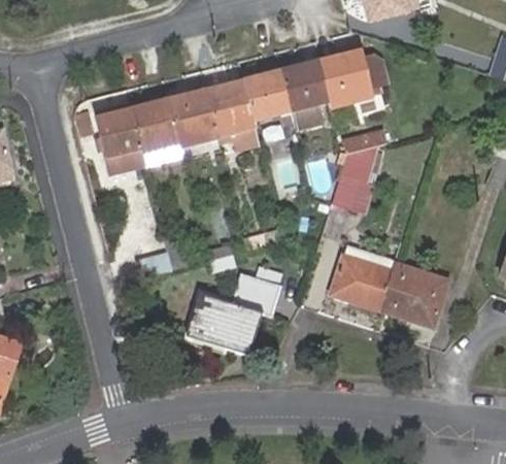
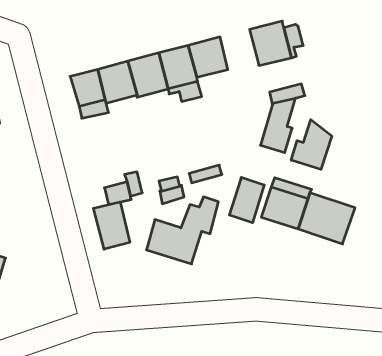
building: [281,62,328,130] -> none
building: none -> [291,120,332,169]
building: none -> [229,177,264,223]
building: none -> [93,202,130,249]

